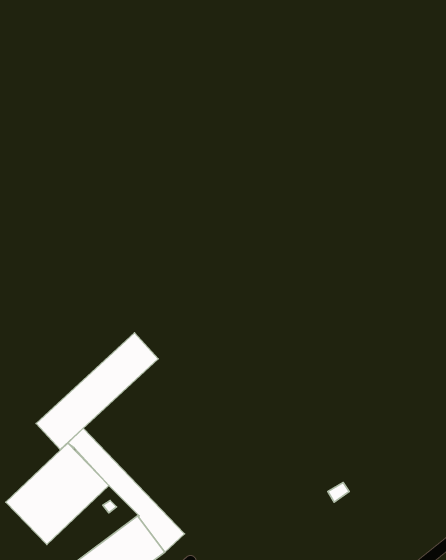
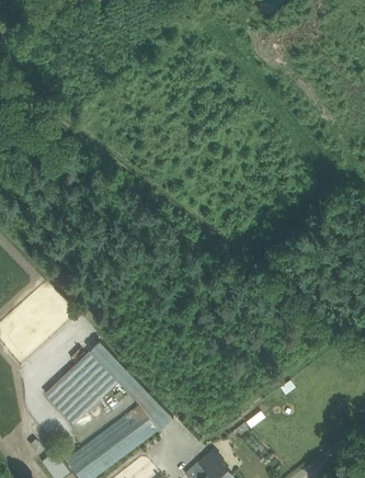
building: [36,333,158,449] -> none

